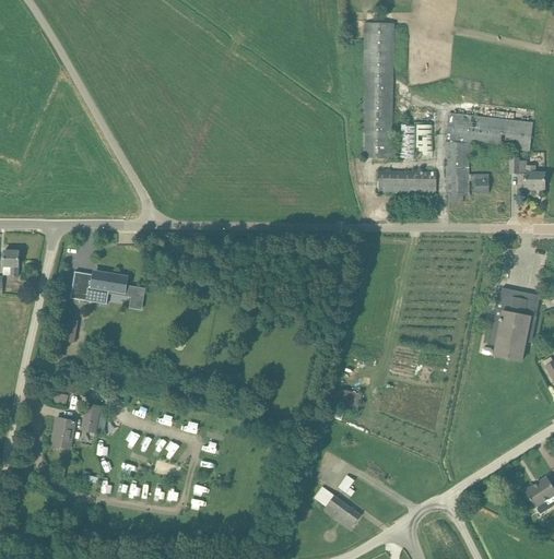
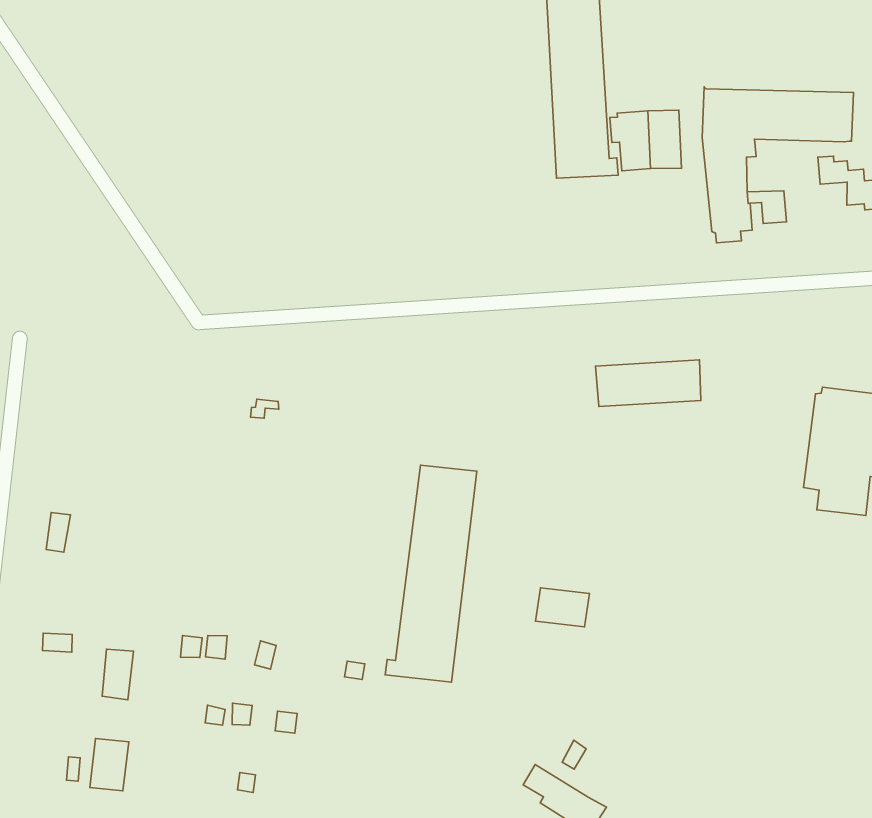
building: [378,169,437,193] -> [596,360,701,407]
building: [71,270,144,307] -> none
building: none -> [385,465,477,682]
building: [51,416,75,447] -> [90,739,129,791]

